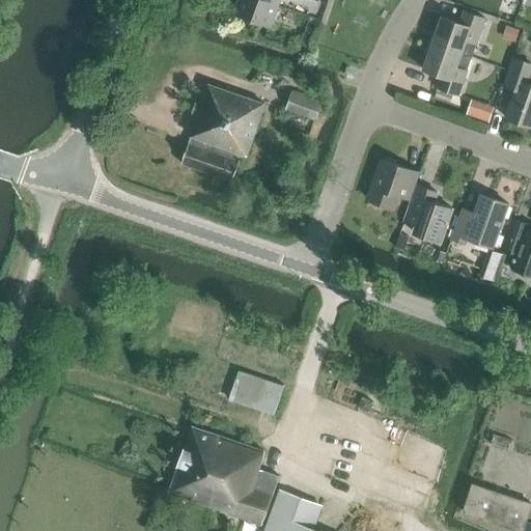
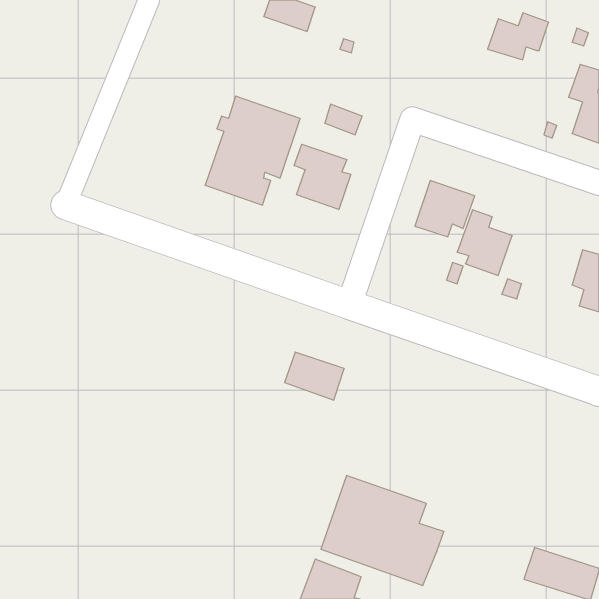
building: [422,44,467,95] -> none
building: none -> [294,144,351,210]
building: [452,195,508,249] -> none
building: [230,372,283,415] -> [285,352,344,400]
building: [171,426,280,524] -> [321,475,444,586]

